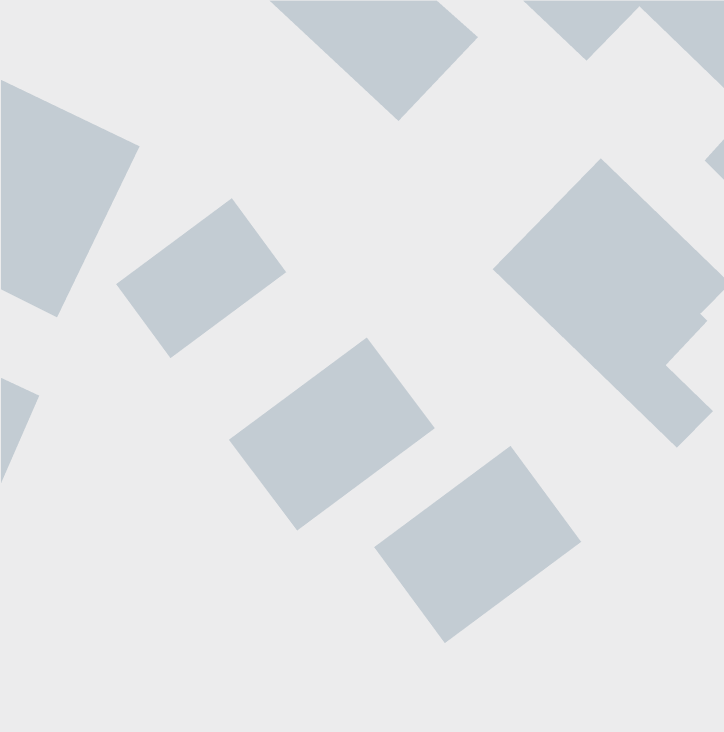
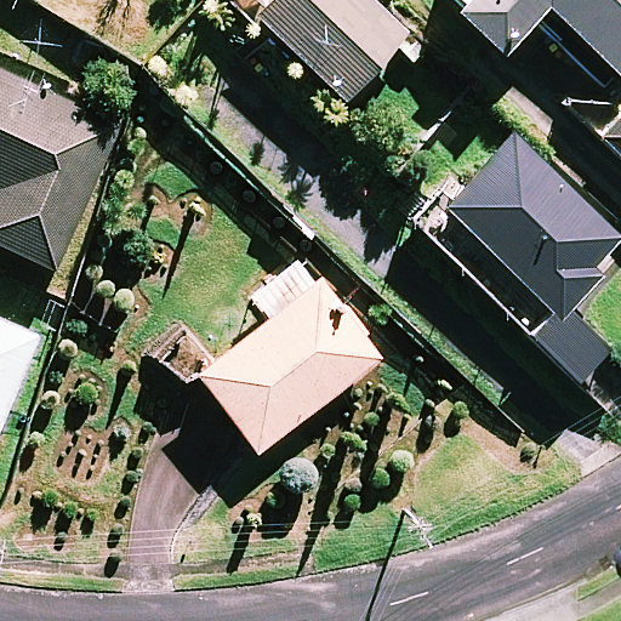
building: [115,197,287,359] -> none
building: [373,445,582,644] -> none

